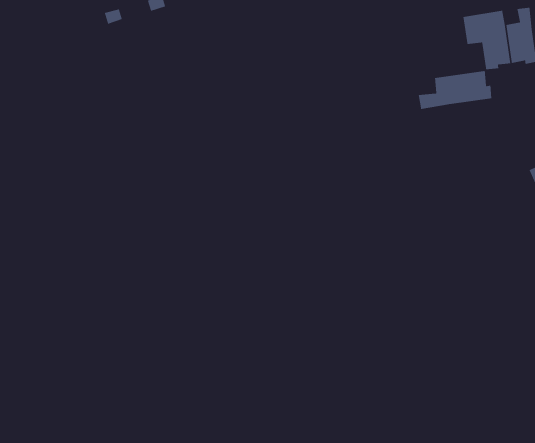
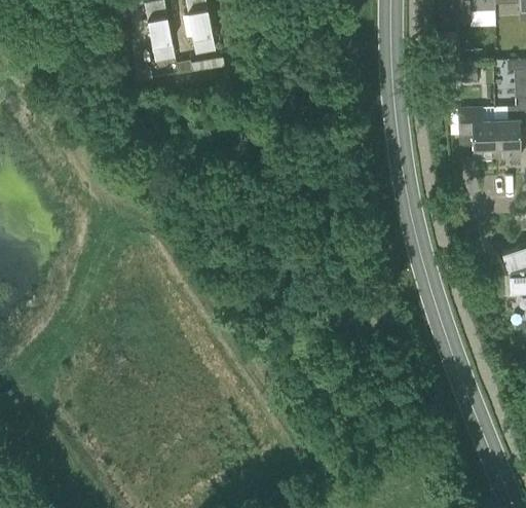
building: [418,70,492,110] -> none

